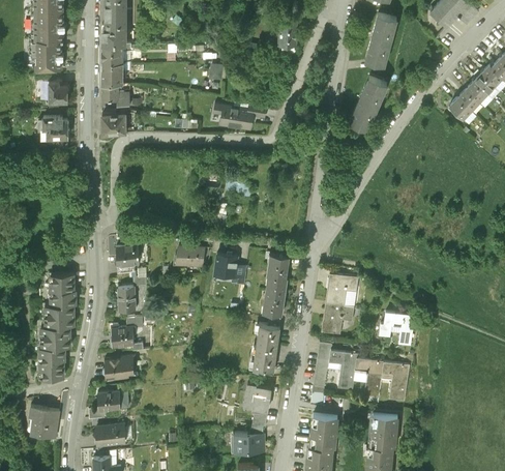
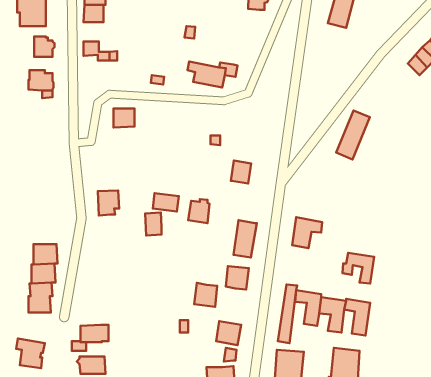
building: [101,63,123,84] -> none
building: [348,80,384,133] -> [336,110,370,159]
building: [101,111,124,131] -> [113,108,135,128]
building: [267,255,289,279] -> [231,161,251,184]
building: [51,270,78,302] -> none
building: [118,286,136,311] -> [145,212,162,236]
building: [322,303,354,335] -> none
building: [112,317,143,345] -> none
building: [251,348,276,374] -> [194,283,217,307]
building: [102,356,135,378] -> none

